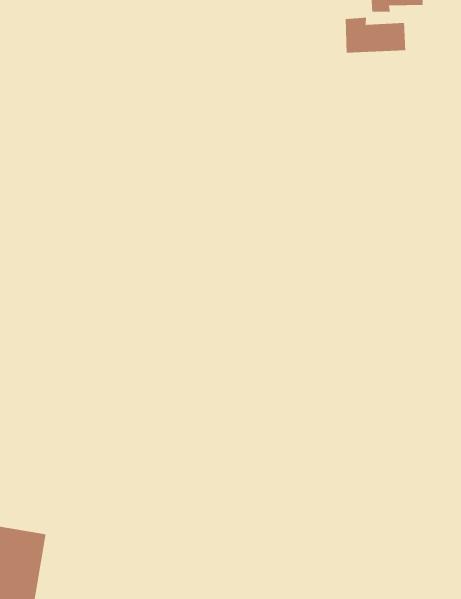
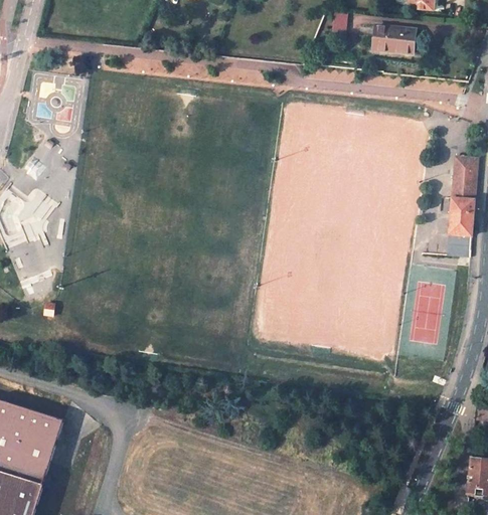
building: [345,17,406,53] -> none

